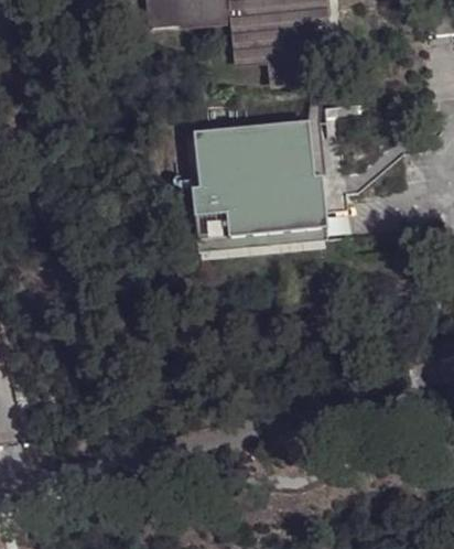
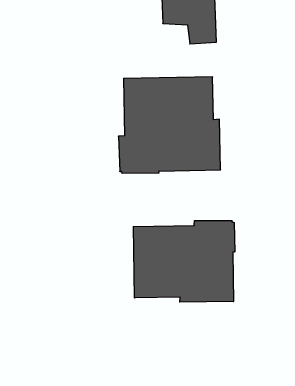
building: none -> [133,221,235,302]

